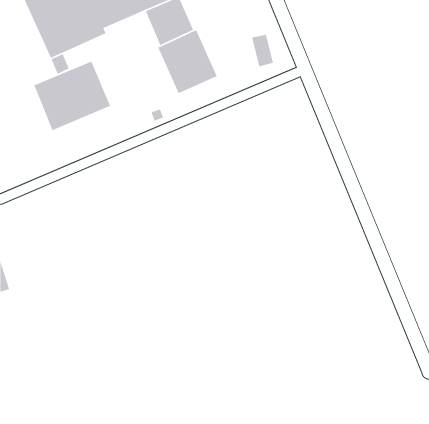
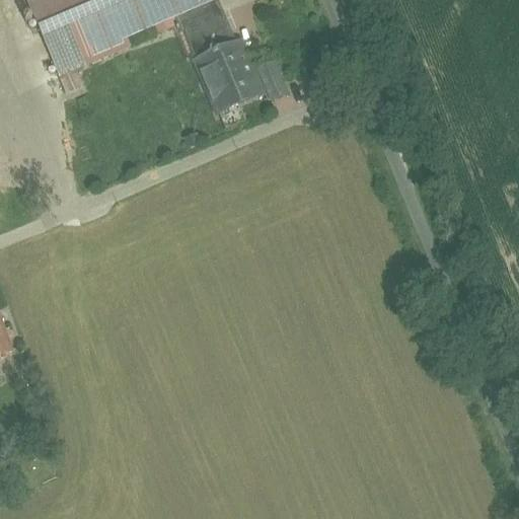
building: [251,34,274,67] -> [256,57,284,97]
building: [33,60,111,131] -> none

